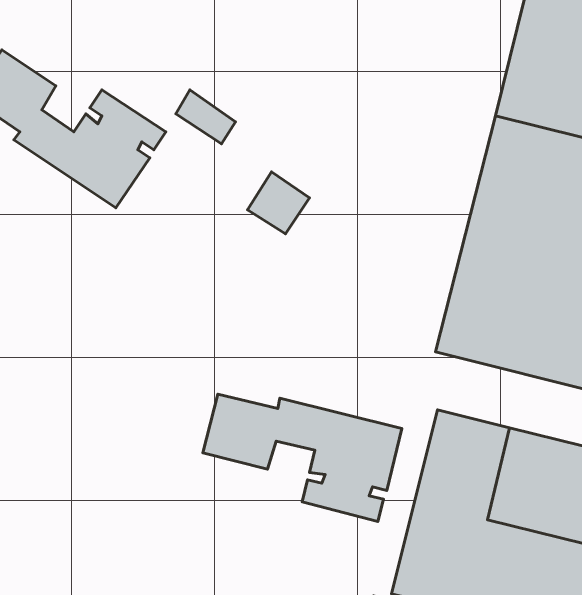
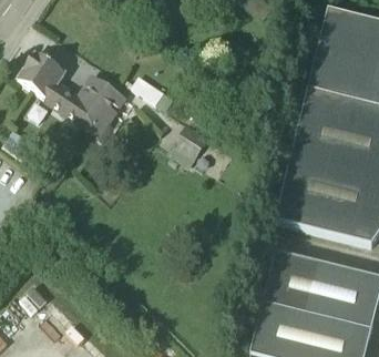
building: [203,394,402,521] -> none

